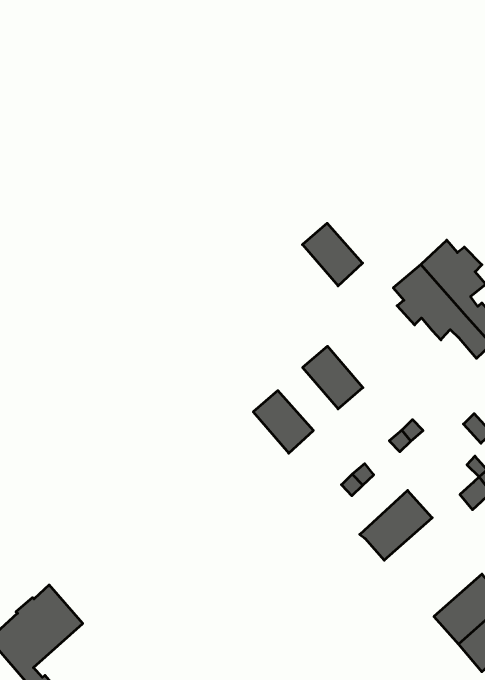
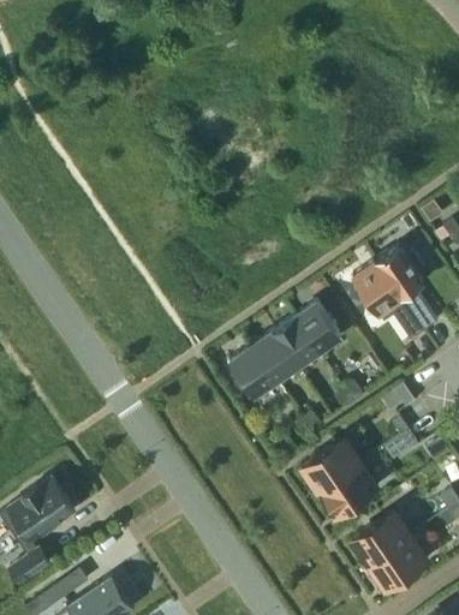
building: [302,223,363,286] -> [294,303,340,353]
building: none -> [251,332,297,382]
building: none -> [318,462,377,515]

